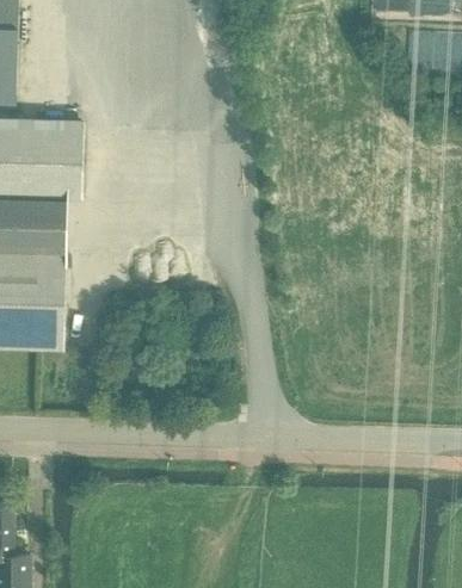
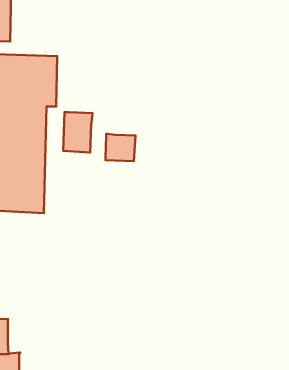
building: none -> [63,112,92,152]
building: none -> [105,134,135,161]

